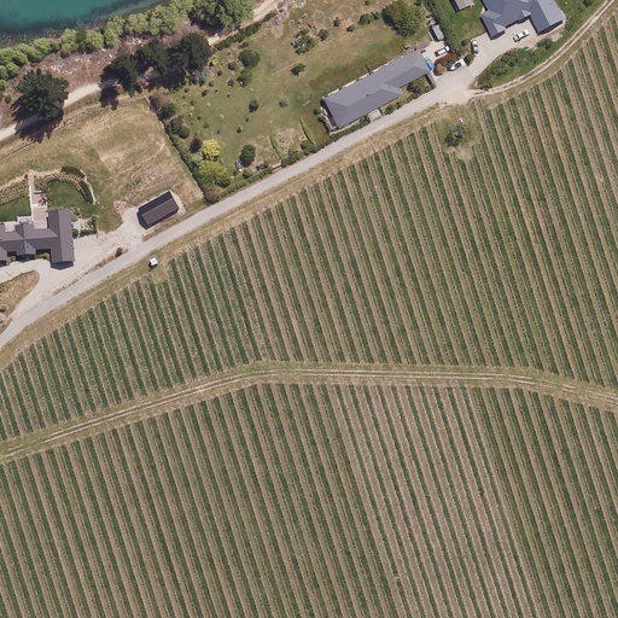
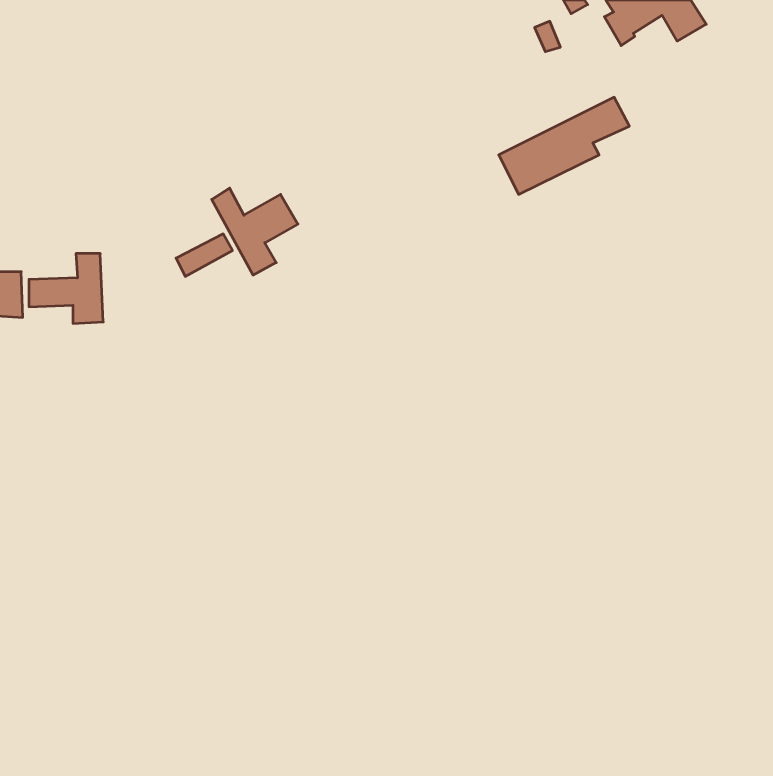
building: [319,52,422,129] -> [499,97,629,194]
building: none -> [212,188,298,275]

